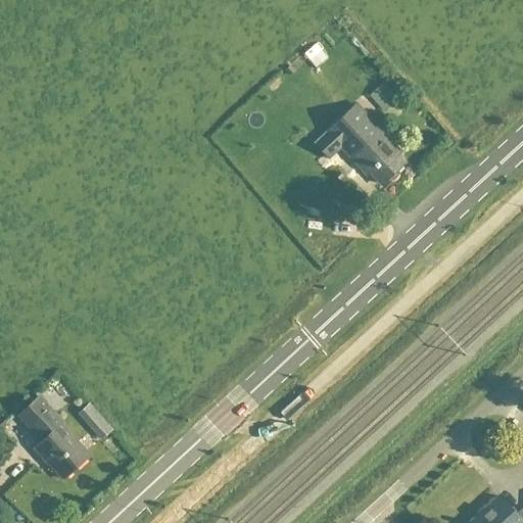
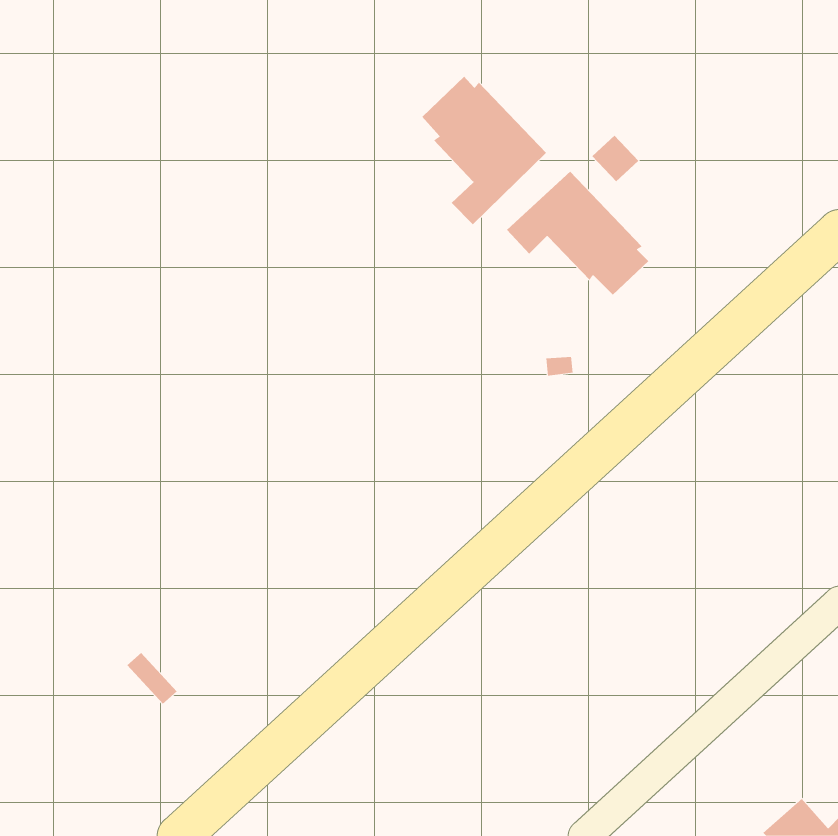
building: none -> [421,76,547,225]
building: [19,397,90,479] -> none

